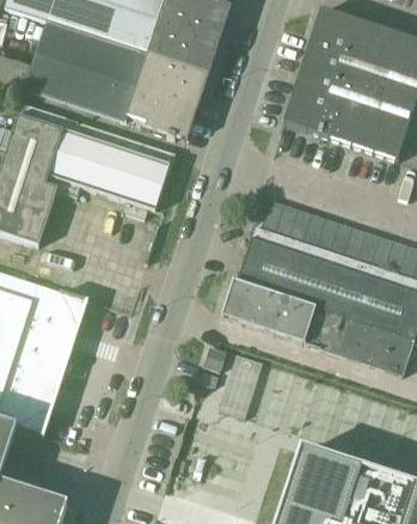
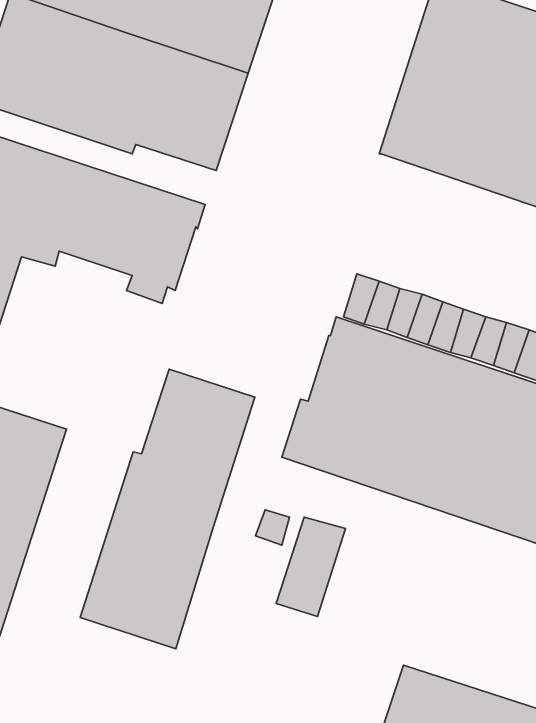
building: none -> [80,369,255,649]

